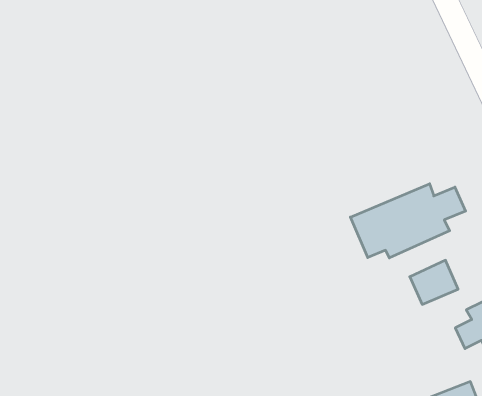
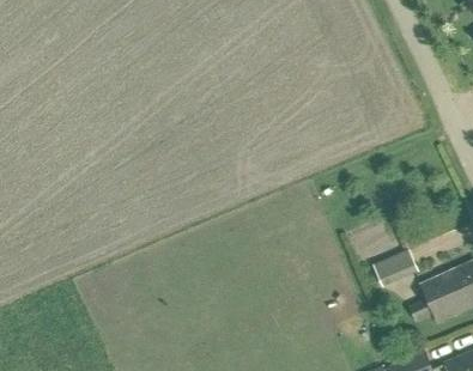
building: [350,184,466,258] -> none

